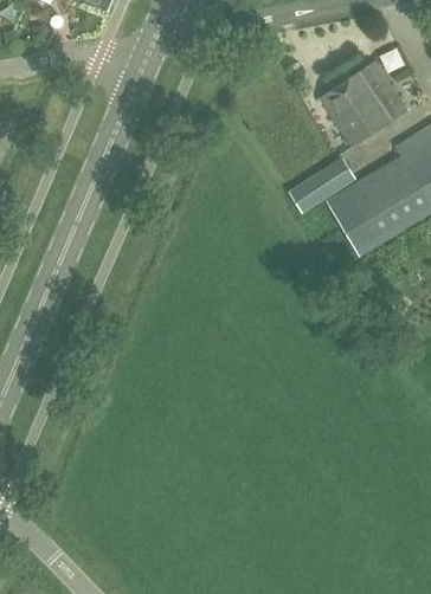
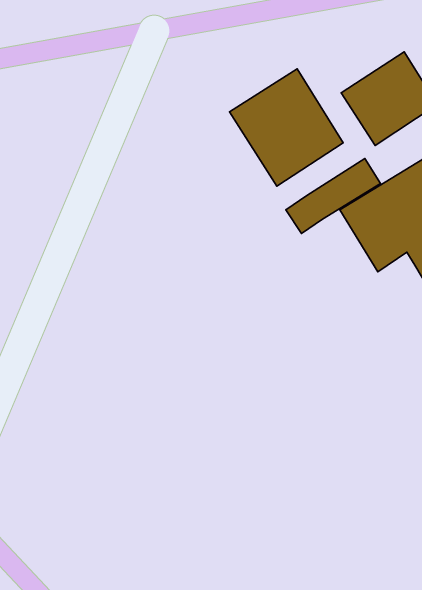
building: none -> [229,69,343,186]

